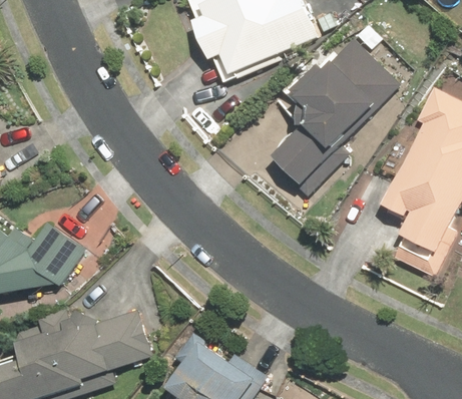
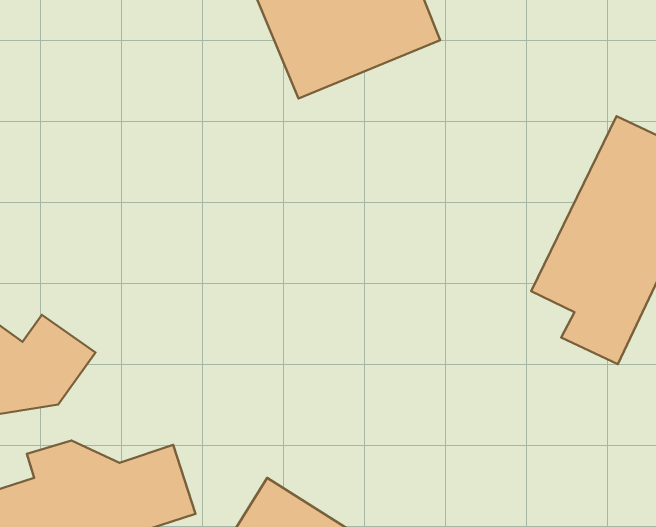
building: [271,39,398,196] -> none

